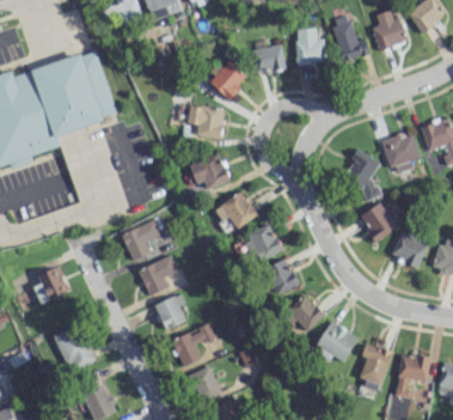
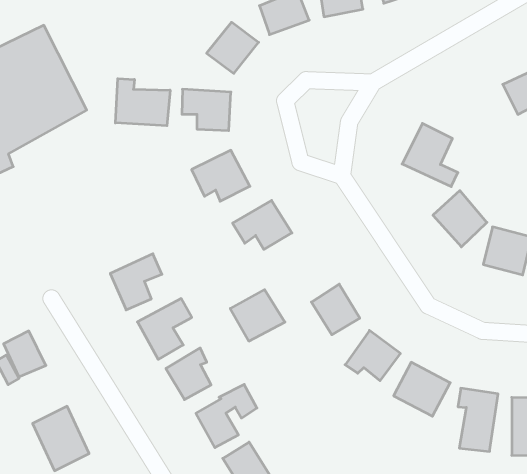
building: none -> [115,79,170,126]
building: [380,134,420,171] -> none
building: [244,226,282,262] -> [230,290,285,341]

